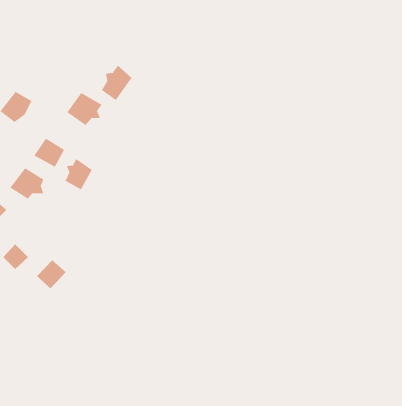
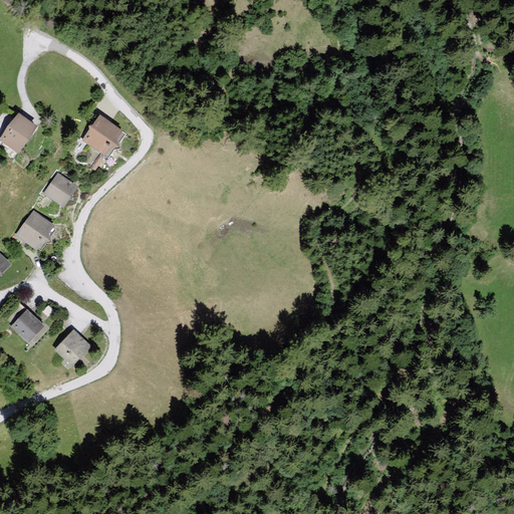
building: [101,65,132,101] -> none
building: [65,158,93,190] -> none

